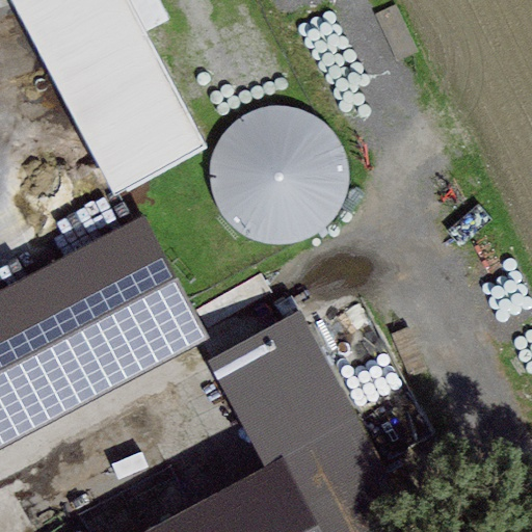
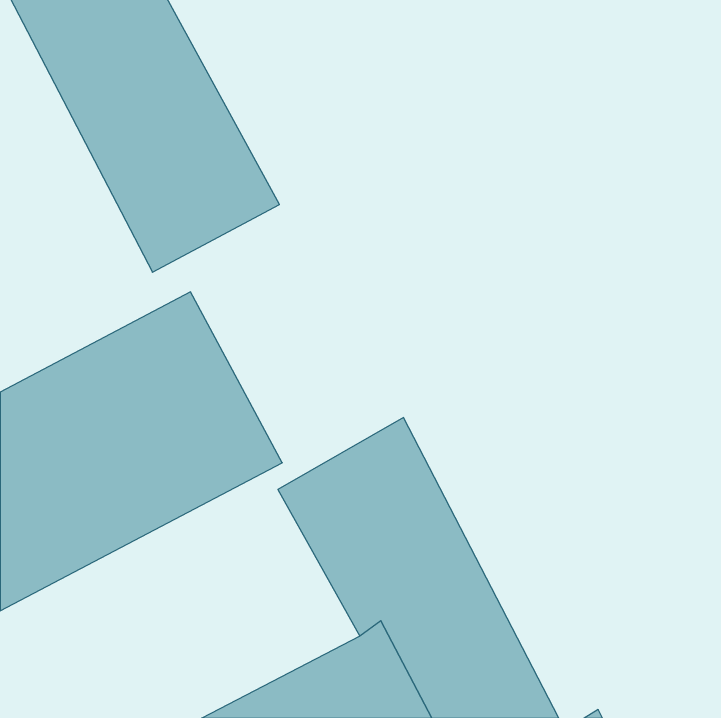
building: [217,109,346,228] -> none

